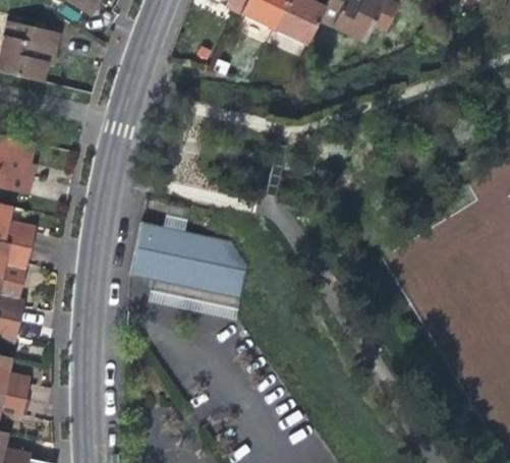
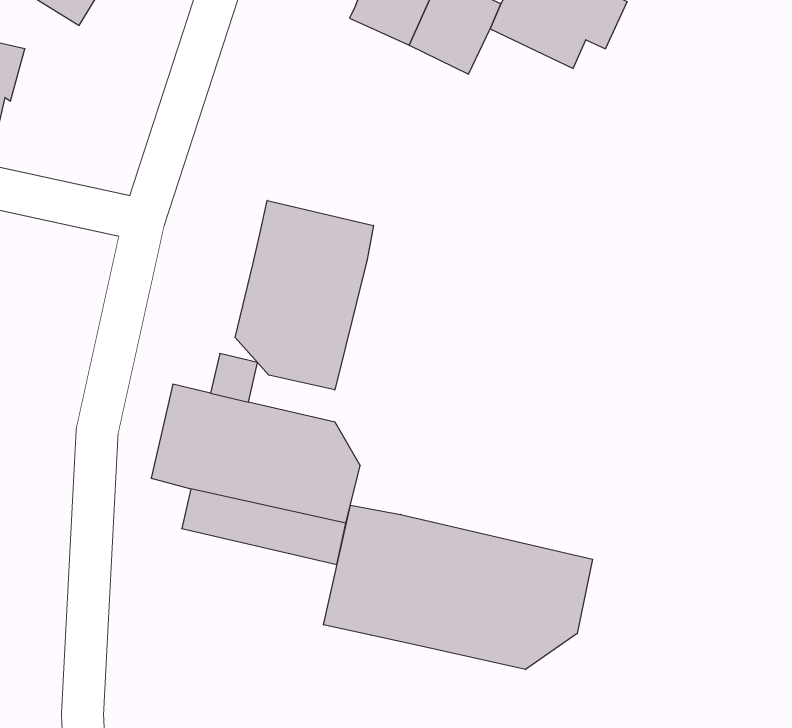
building: none -> [235,200,373,390]
building: none -> [324,505,593,670]

